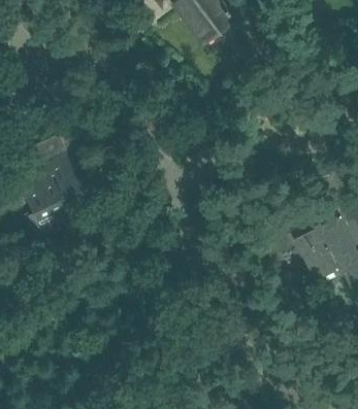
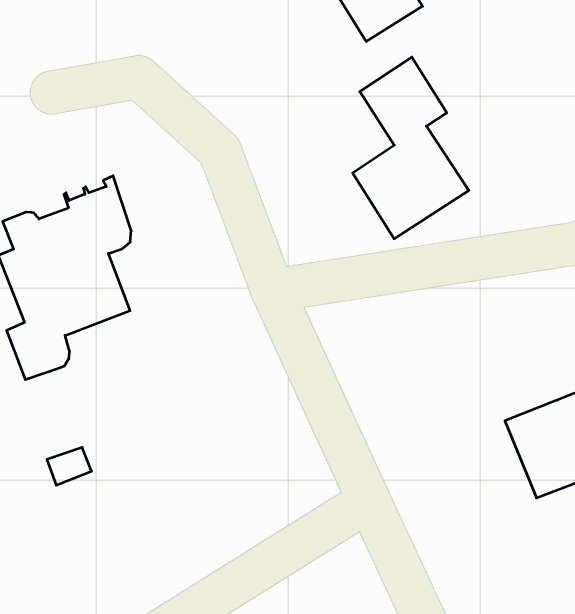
building: none -> [353,57,469,239]

